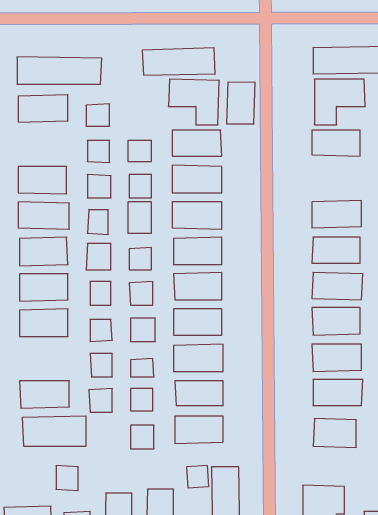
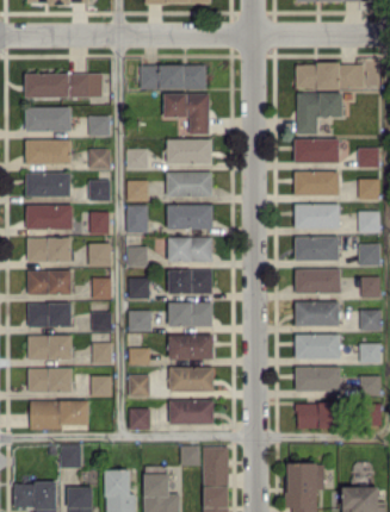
building: [227,82,255,124] -> none
building: none -> [25,139,72,164]
building: none -> [295,171,339,195]
building: none -> [27,336,73,360]

